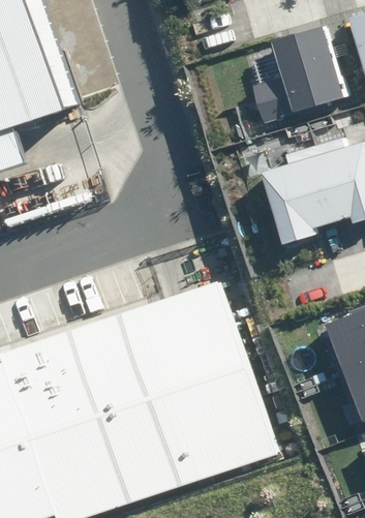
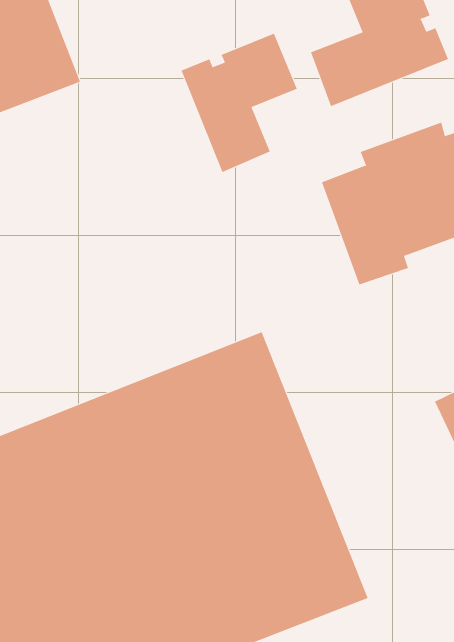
building: none -> [181,33,297,173]

